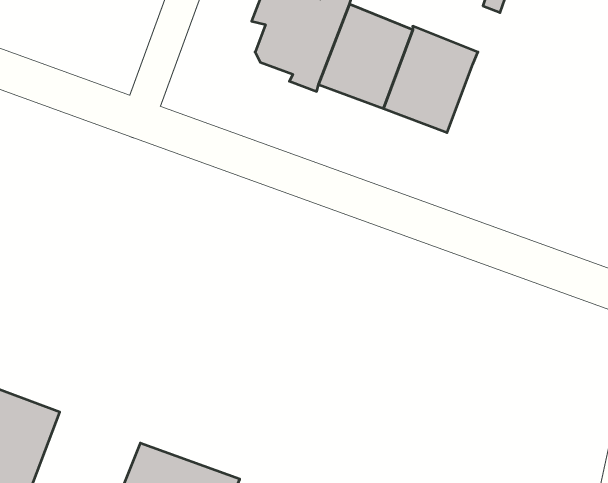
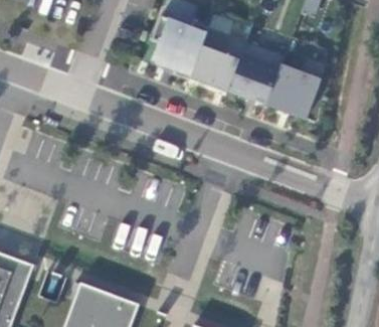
building: none -> [263,57,322,119]

